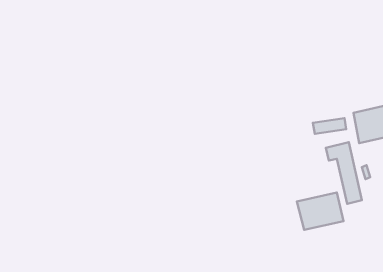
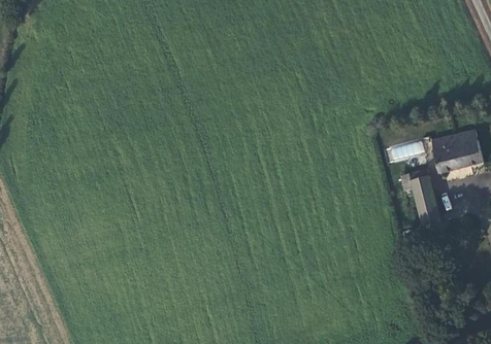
building: [297,193,344,230] -> none

